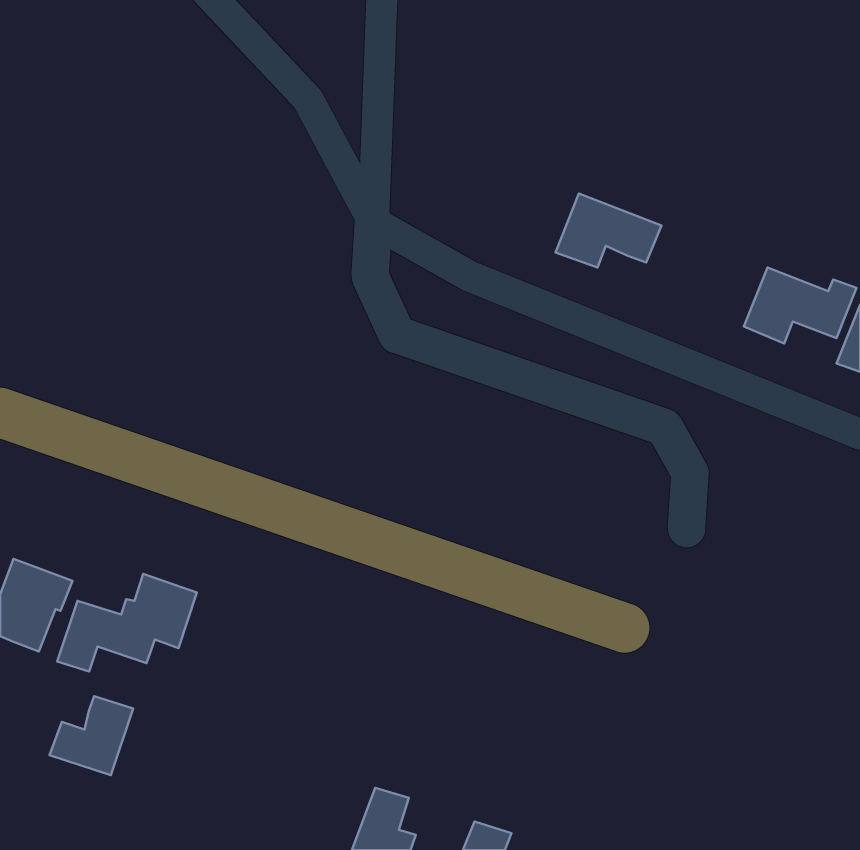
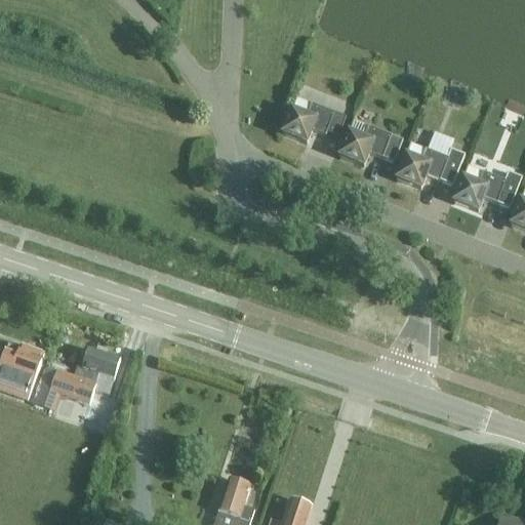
building: none -> [282,95,347,140]
building: none -> [396,140,465,187]
building: [49,696,133,775] -> none

